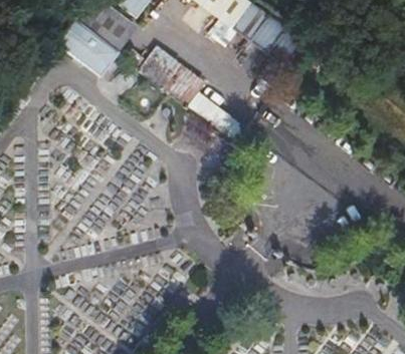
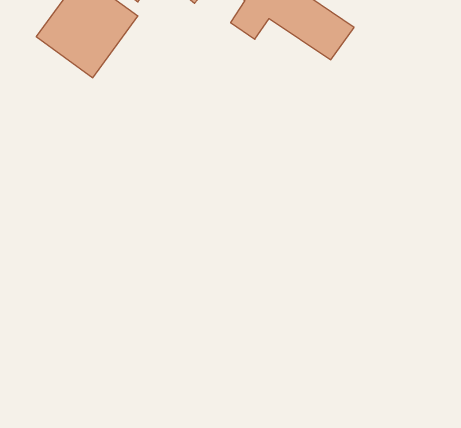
building: [142,48,242,137] -> none

